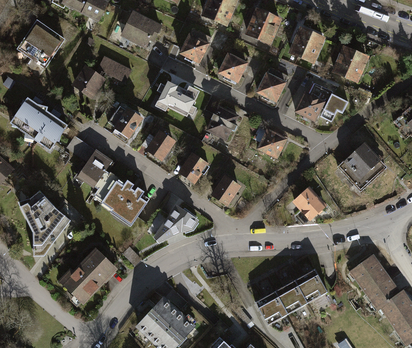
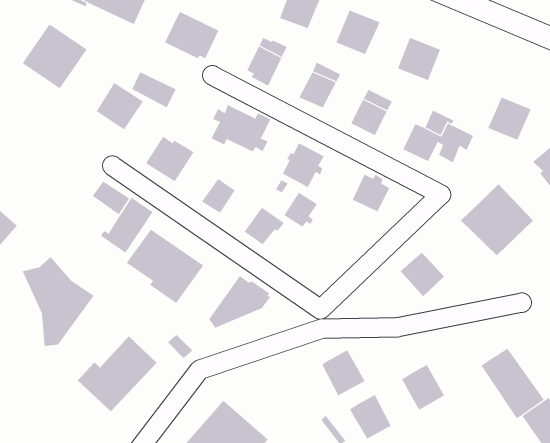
building: [334,49,366,81] -> [488,97,531,141]
building: [9,96,67,151] -> none
building: [213,178,238,204] -> [284,192,318,227]
building: [275,280,307,314] -> [322,350,365,396]

